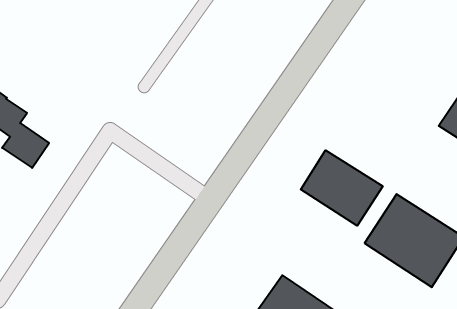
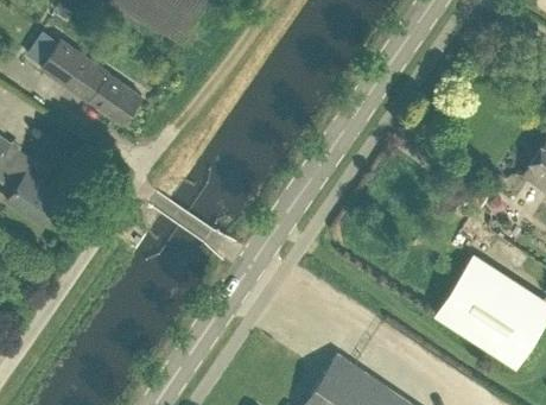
building: none -> [40,39,142,125]
building: [301,150,383,226] -> none

